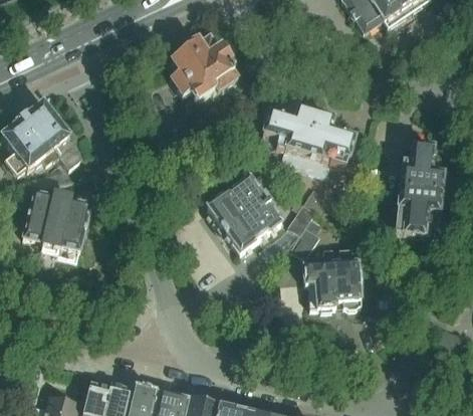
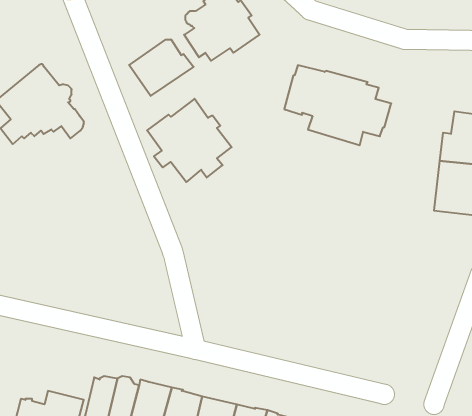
building: none -> [129,39,194,96]
building: [206,177,281,251] -> [147,99,232,182]
building: [21,188,92,259] -> none
building: [288,200,320,256] -> none
building: [303,246,362,309] -> none

